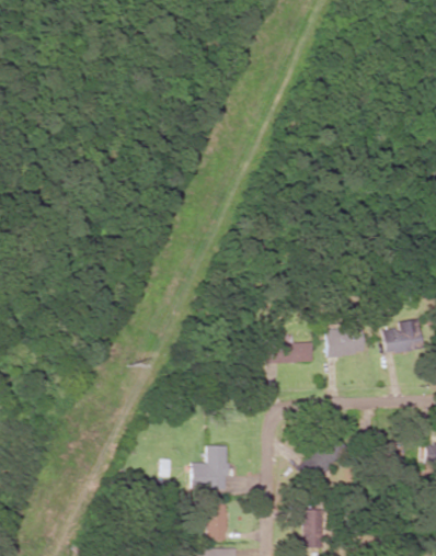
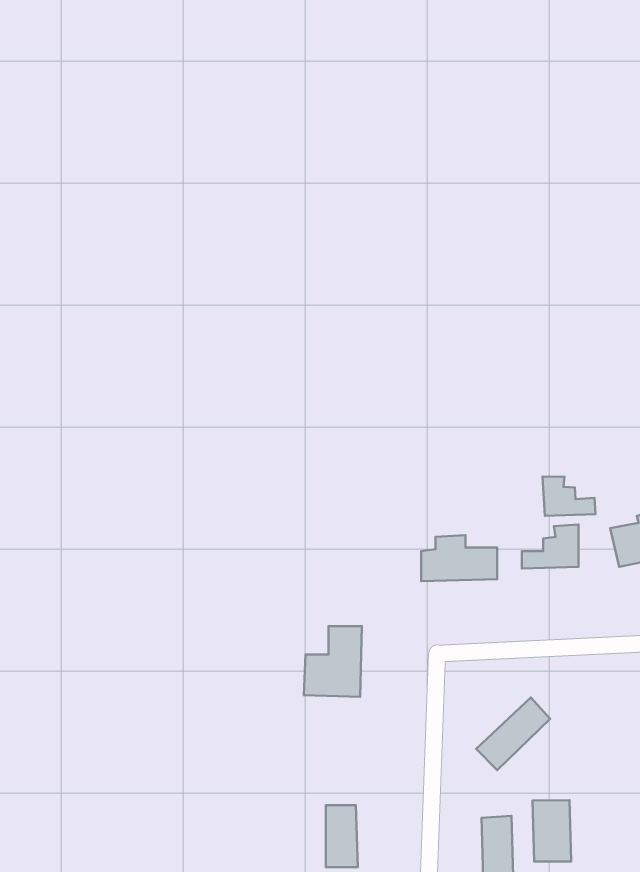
building: none -> [542,477,595,516]
building: [191,445,227,489] -> [304,626,362,697]
building: none -> [532,800,571,862]

